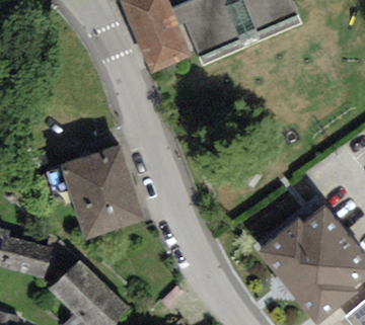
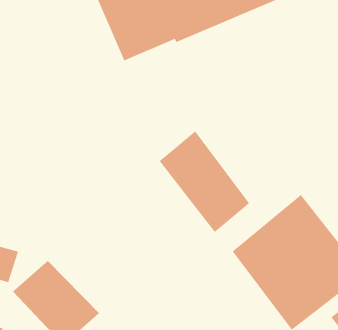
building: none -> [159,130,250,233]
building: [59,145,144,239] -> none

